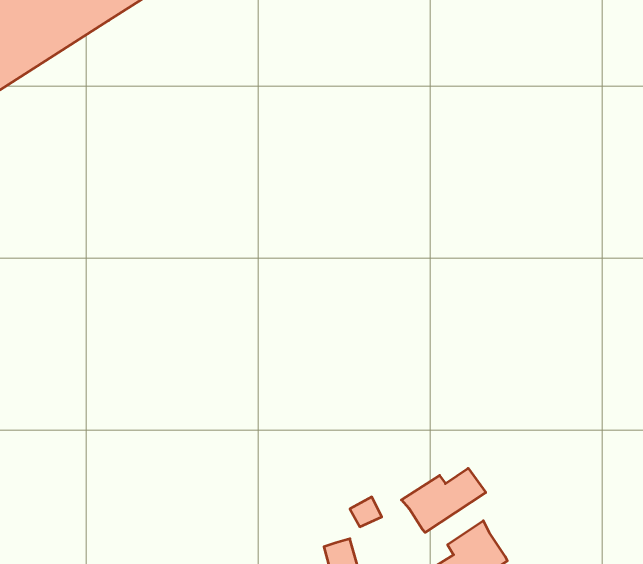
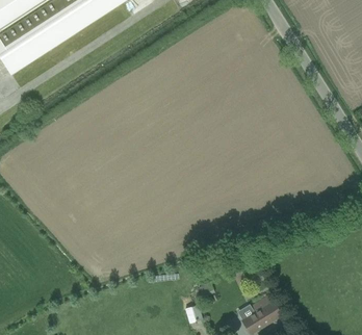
building: [401,468,486,532] -> none

